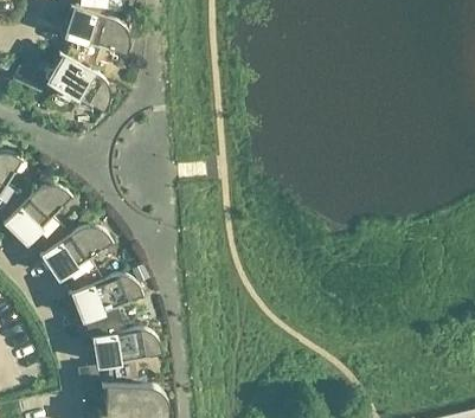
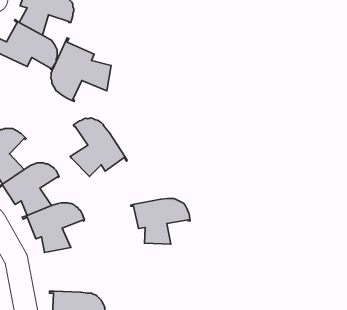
building: none -> [51,38,111,101]
building: none -> [70,118,127,177]
building: [88,328,160,384] -> [131,198,190,244]

